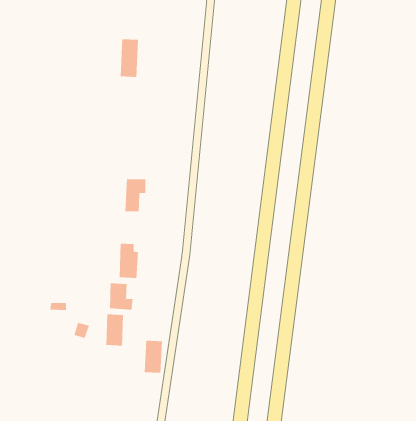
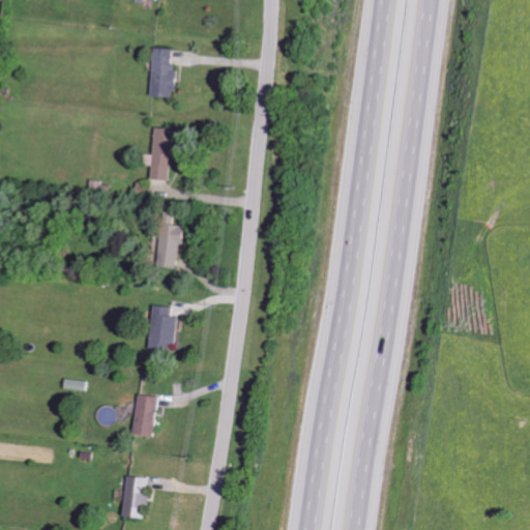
building: none -> [151,126,173,179]
building: [110,282,133,310] -> none
building: [144,340,163,373] -> [123,476,147,518]

